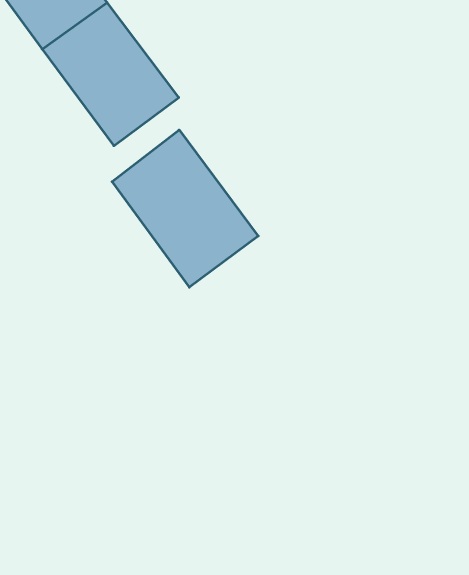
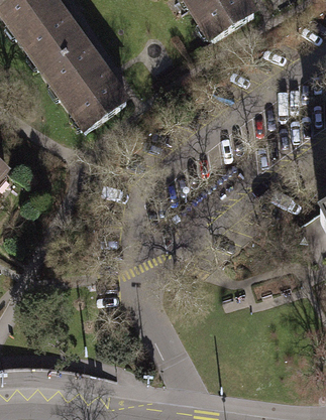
building: [112,130,258,287] -> none

